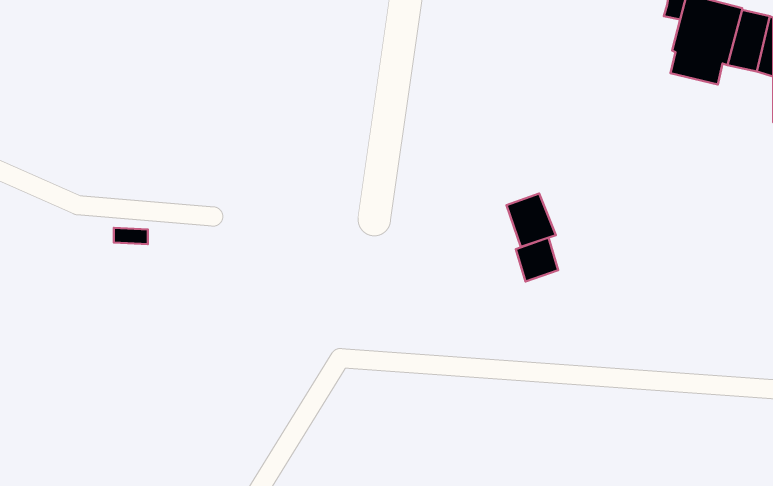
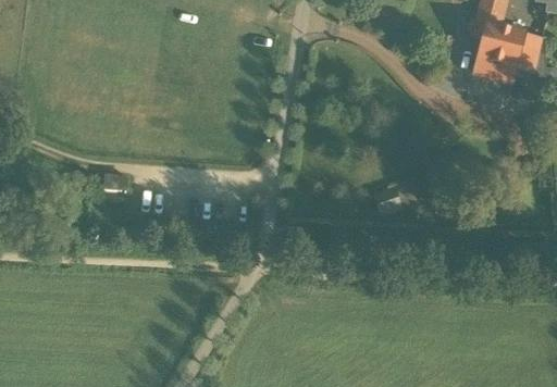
building: [506,194,556,247] -> none

